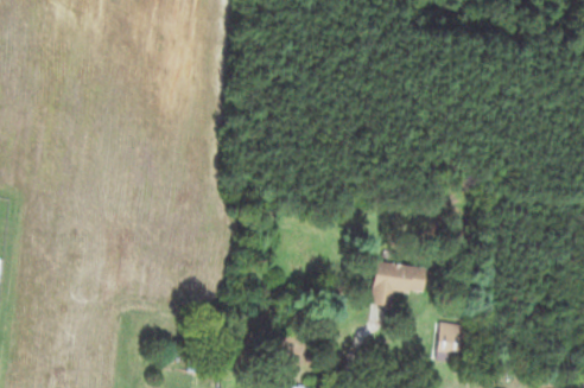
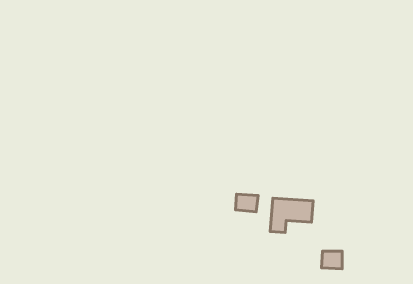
building: none -> [235,194,258,212]

